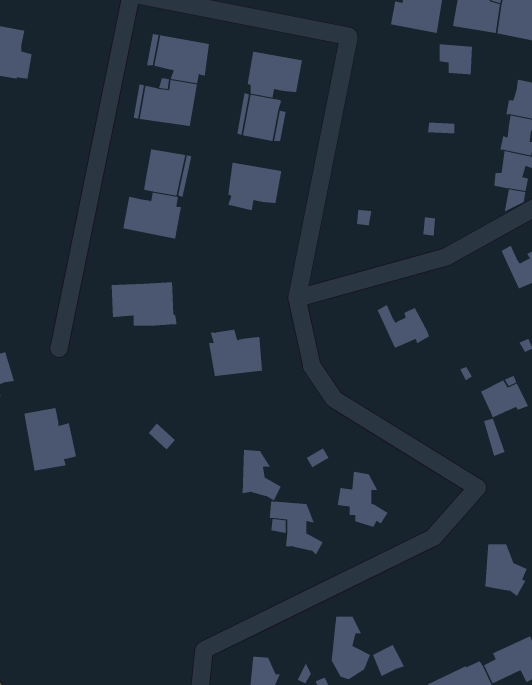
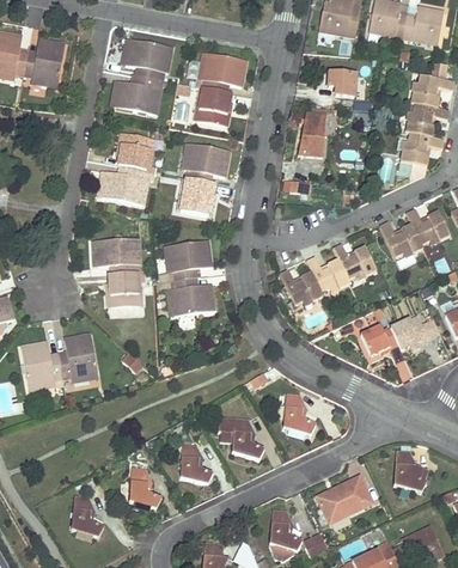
building: none -> [24,37,65,83]
building: [439,44,473,75] -> [328,71,355,96]
building: none -> [298,112,325,155]
building: none -> [179,176,213,214]
building: none -> [379,221,423,257]
building: none -> [166,238,212,279]
building: none -> [332,244,375,279]
building: none -> [279,269,323,305]
building: none -> [105,273,145,307]
building: none -> [359,323,398,354]
building: none -> [57,332,98,384]
building: [242,449,282,501] -> [181,442,213,484]
building: none -> [130,466,161,512]
building: none -> [317,475,372,523]
building: none -> [72,494,104,540]

